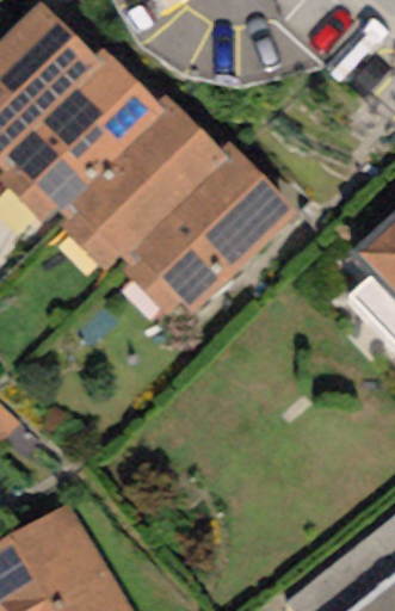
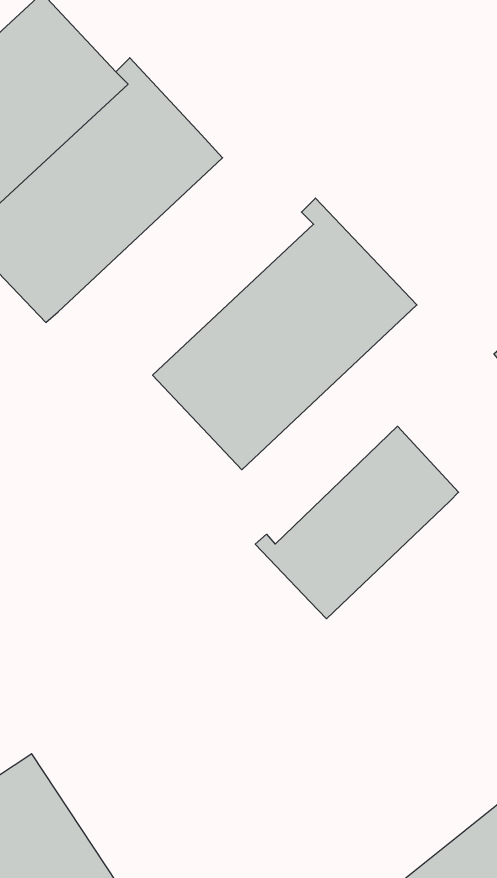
building: [56,91,230,276] -> none
building: none -> [255,426,459,619]

